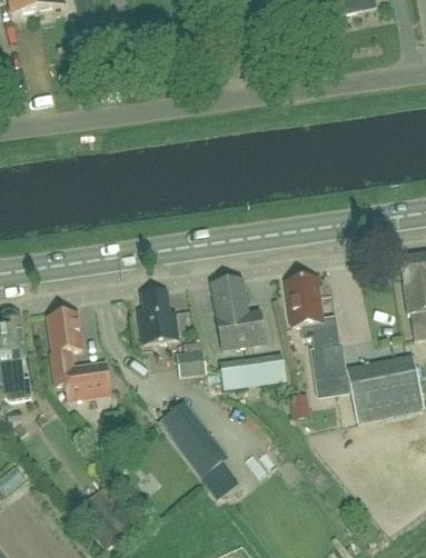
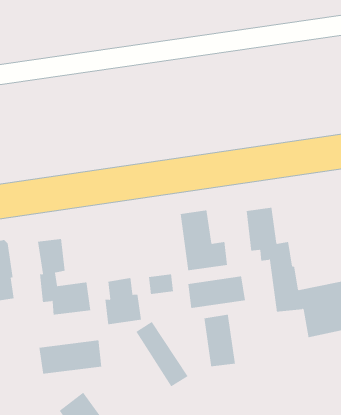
building: [139,290,181,343] -> [105,278,142,325]
building: none -> [204,314,235,367]
building: none -> [39,340,102,375]

